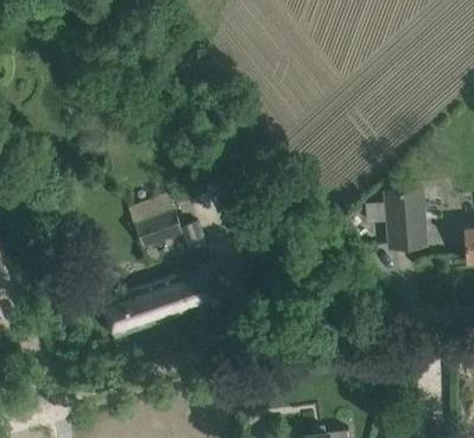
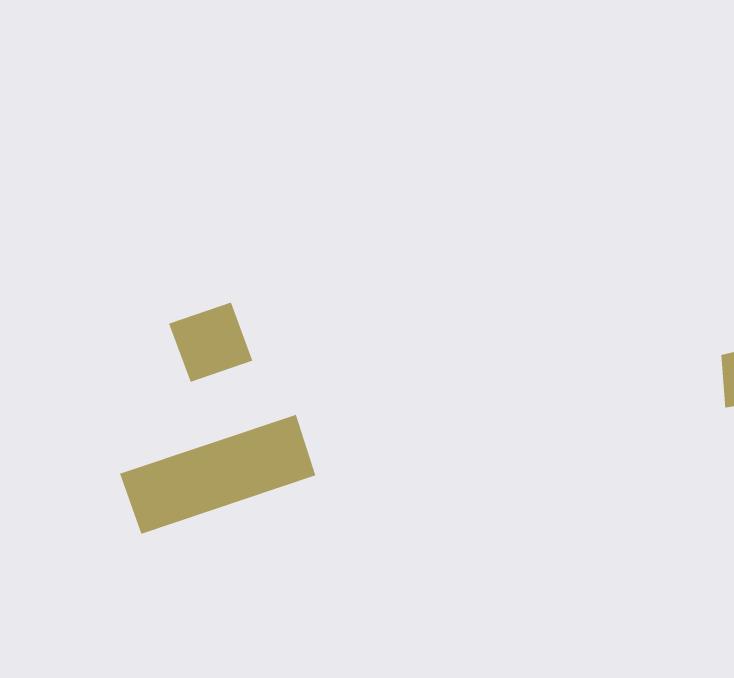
building: [385,191,425,249] -> none

